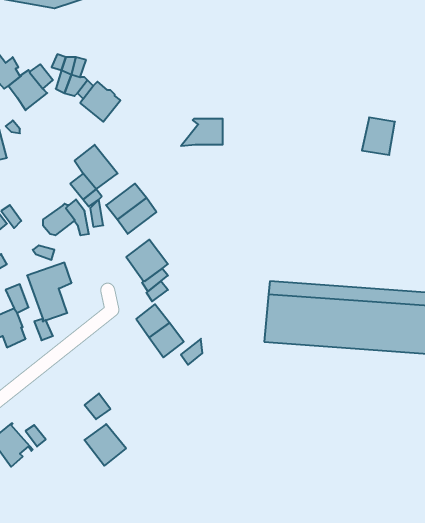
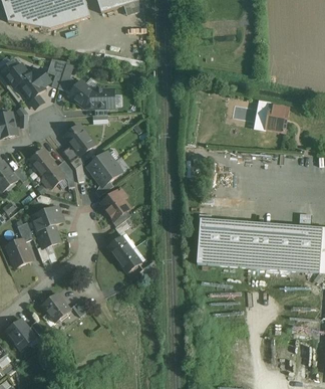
building: [181,119,223,146] -> [84,88,113,108]
building: none -> [28,148,56,176]
building: [84,424,126,466] -> [41,293,70,322]

